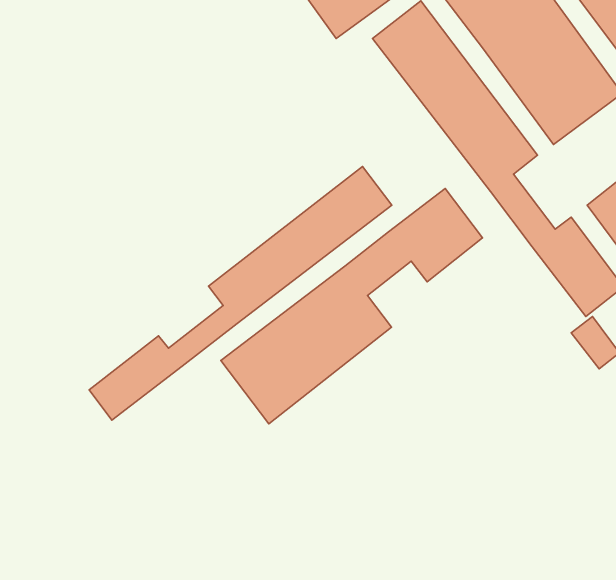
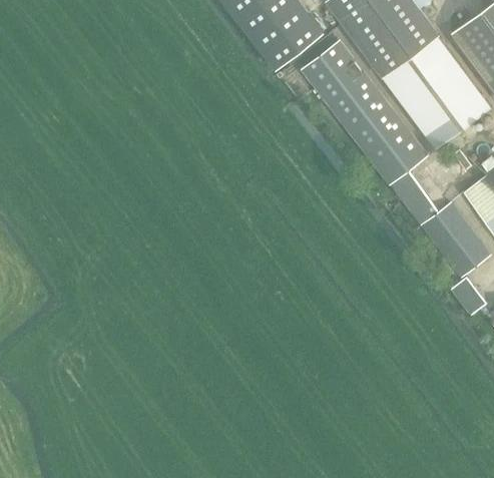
building: [89,166,392,420] -> none
building: [221,189,482,424] -> none

